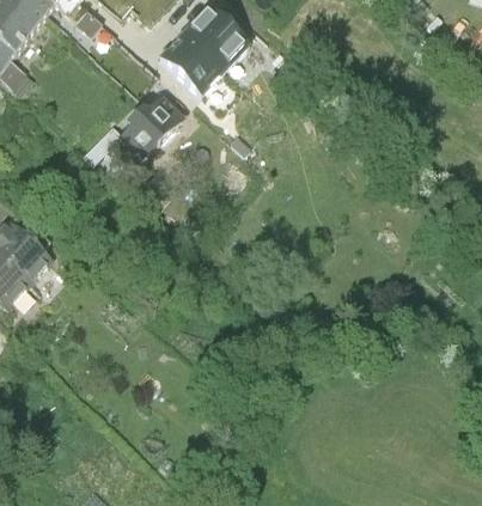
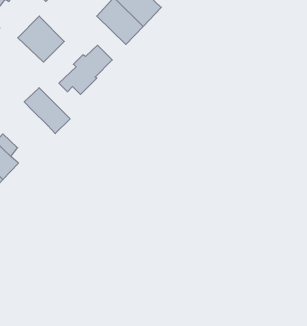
building: none -> [18,16,64,62]
building: none -> [24,88,70,134]

